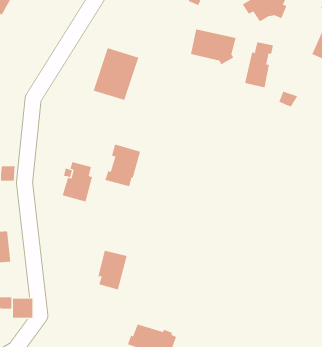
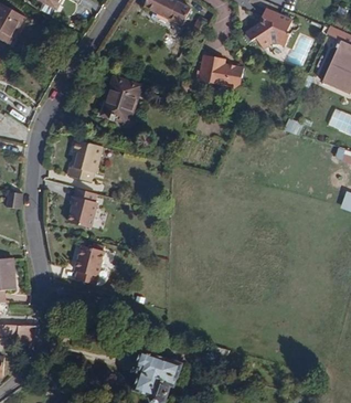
building: [245,41,274,88] -> none
building: [104,144,141,187] -> [65,140,102,183]
building: [98,250,127,290] -> [73,245,103,285]

